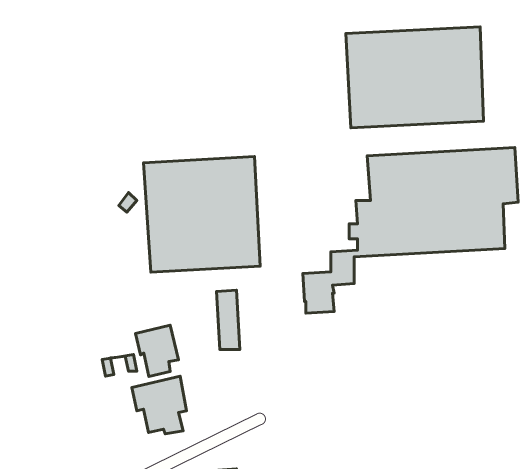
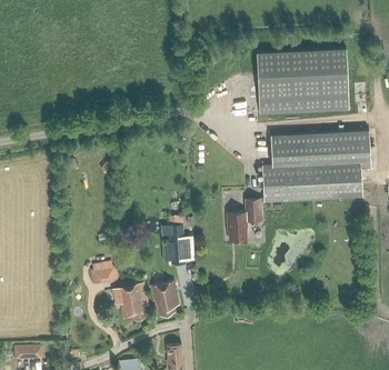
building: [144,157,260,272] -> none
building: [136,325,179,376] -> [151,281,180,316]

